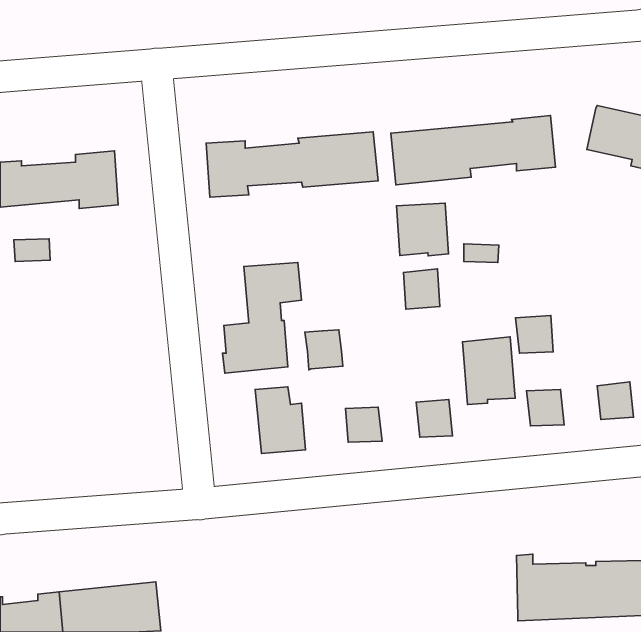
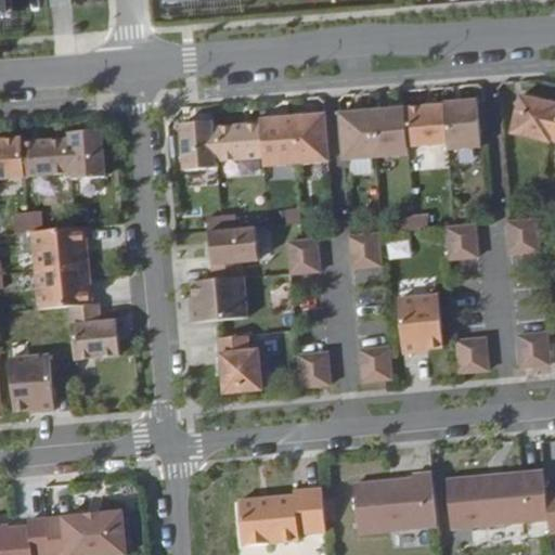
building: [396,203,449,256] -> none
building: none -> [505,217,537,251]
building: none -> [31,228,117,359]
building: [516,315,553,353] -> [444,223,477,256]
building: [305,330,343,370] -> [287,238,320,273]
building: none -> [7,354,52,411]
building: none -> [366,479,448,534]
building: none -> [251,489,336,541]

